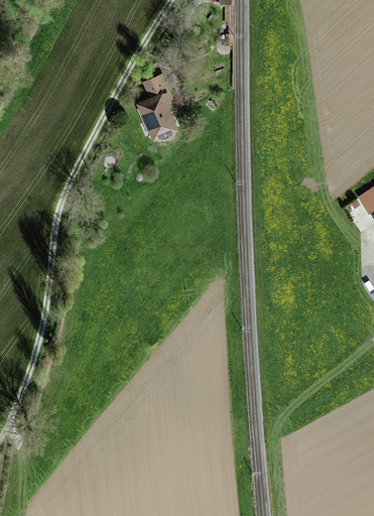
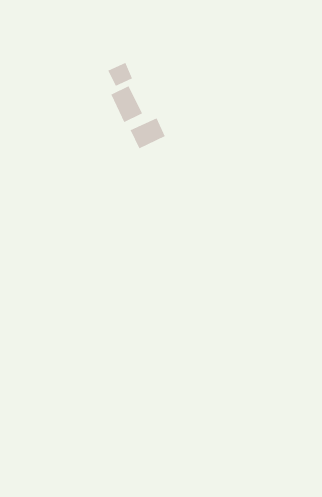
building: none -> [130,118,165,149]

